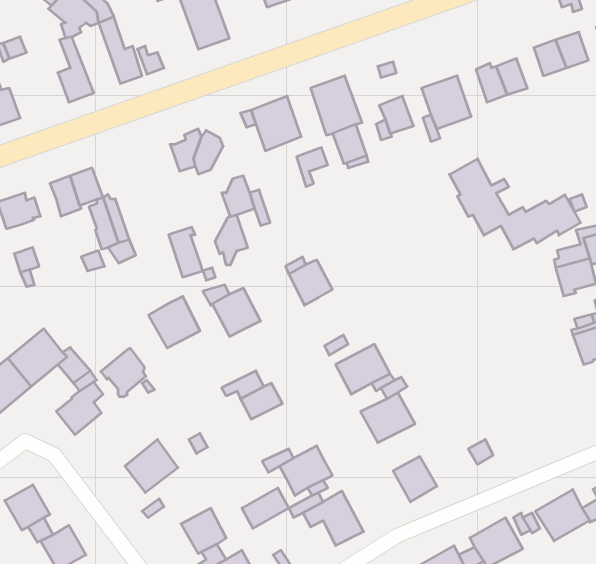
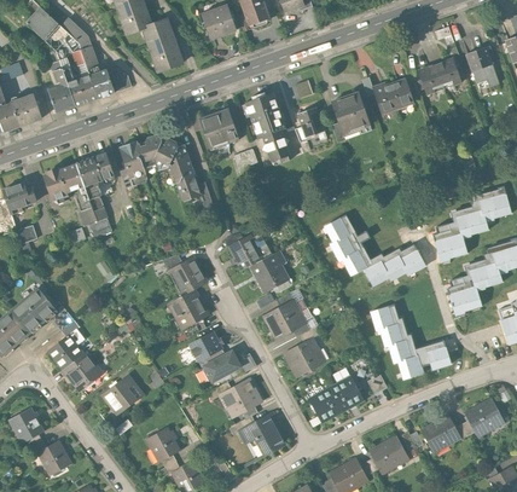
building: none -> [60,51,98,105]
building: none -> [12,94,41,125]
building: none -> [76,154,114,186]
building: [449,159,581,249] -> [324,216,425,286]
building: [215,215,248,265] -> [168,144,193,183]
building: [169,227,203,277] -> [120,139,146,178]
building: none -> [251,249,290,291]
building: [149,296,200,348] -> [168,288,208,328]
building: [101,348,146,397] -> [63,352,98,389]
building: none -> [371,306,451,380]
building: none -> [330,375,364,410]
building: [242,488,289,528] -> [205,348,242,380]

